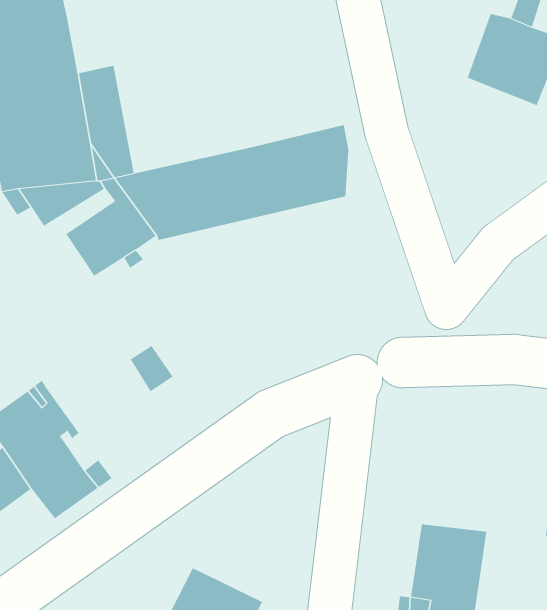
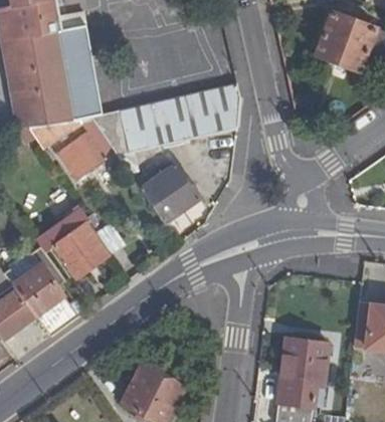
building: none -> [59,12,88,50]
building: none -> [140,165,199,225]
building: none -> [37,210,110,278]

